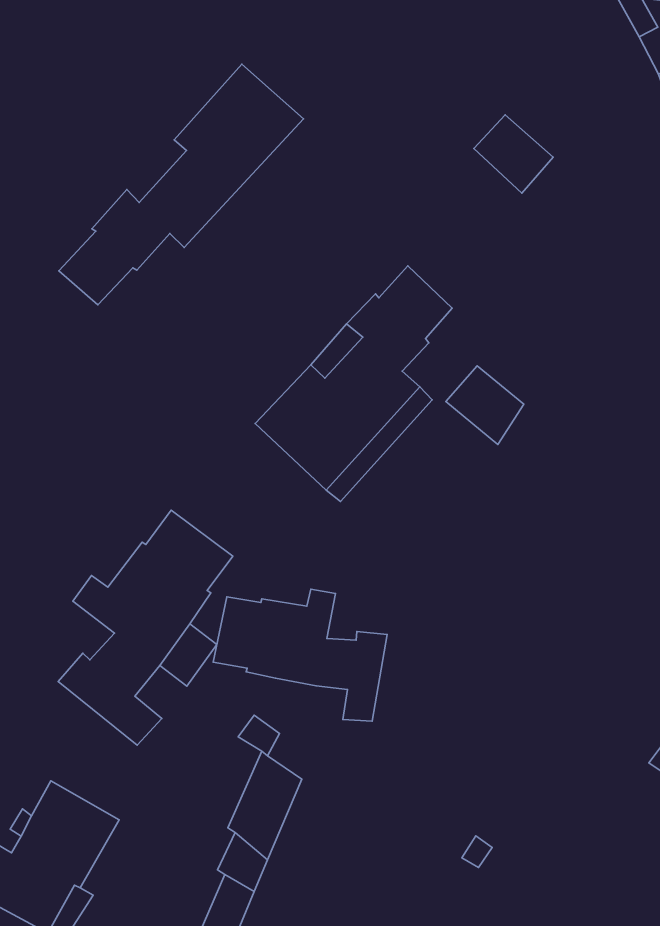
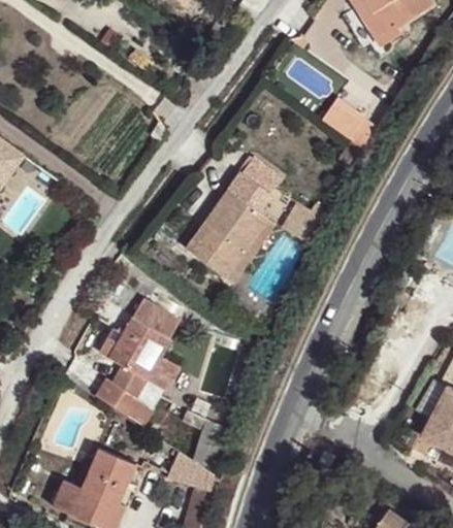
building: [59,64,303,305] -> none
building: [474,115,553,193] -> [320,100,362,140]
building: [213,589,387,721] -> none

